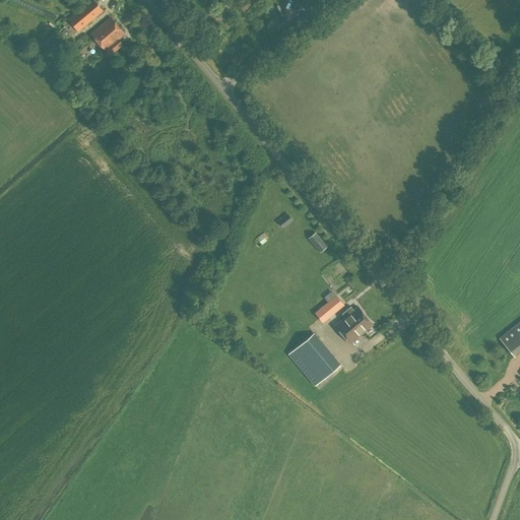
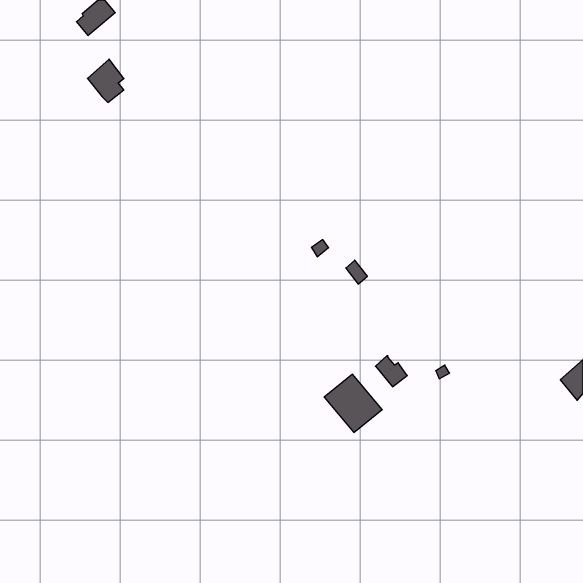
building: [91,17,124,56] -> [87,59,124,102]
building: [314,290,344,323] -> none
building: [341,306,374,334] -> none

